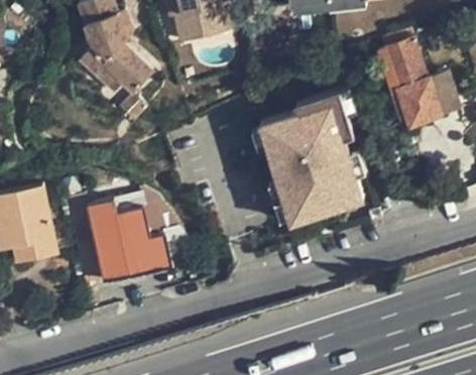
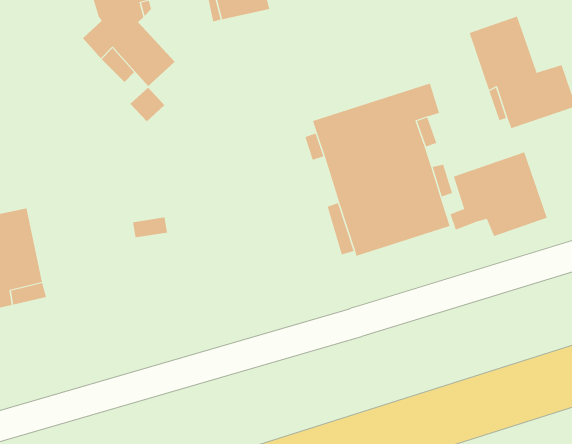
building: none -> [450,152,547,237]
building: [66,196,169,284] -> none

